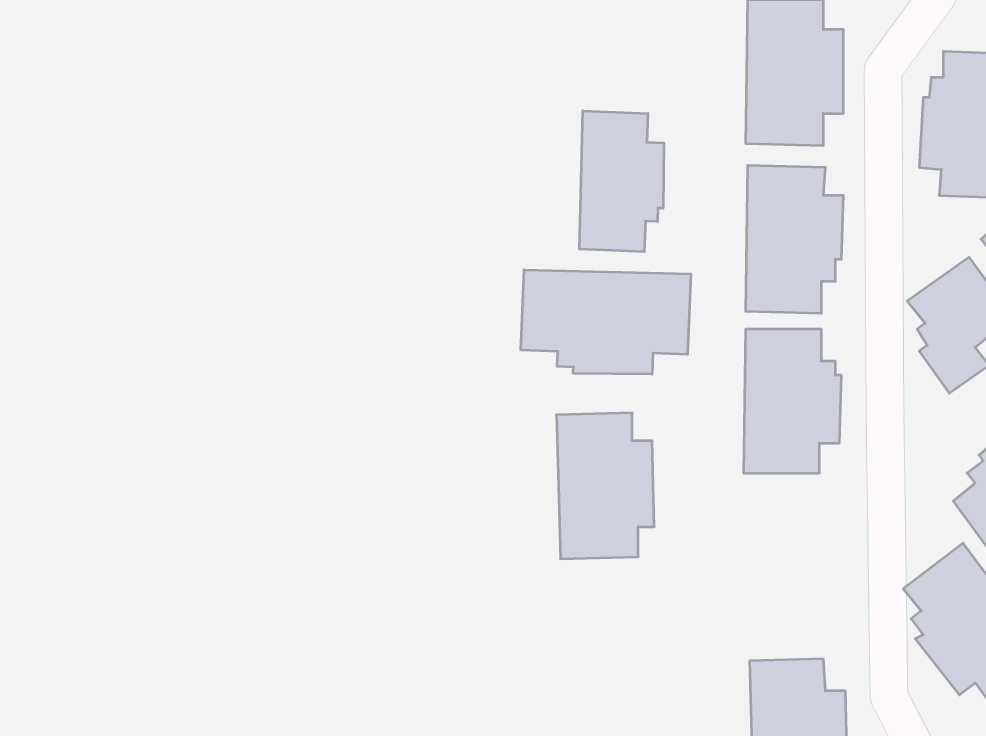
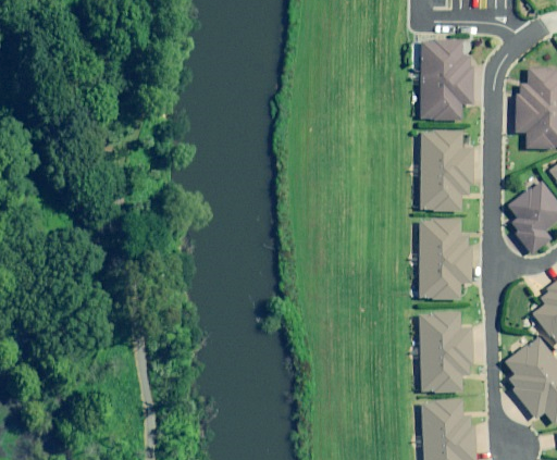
building: [579,111,664,252] -> none
building: [521,270,691,374] -> none
building: [556,413,654,559] -> [418,312,471,391]

